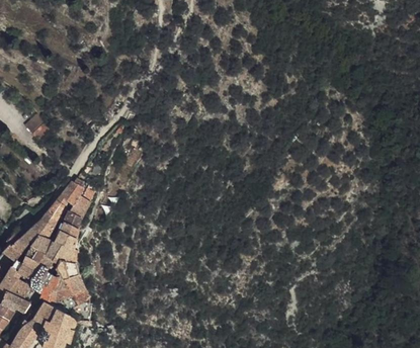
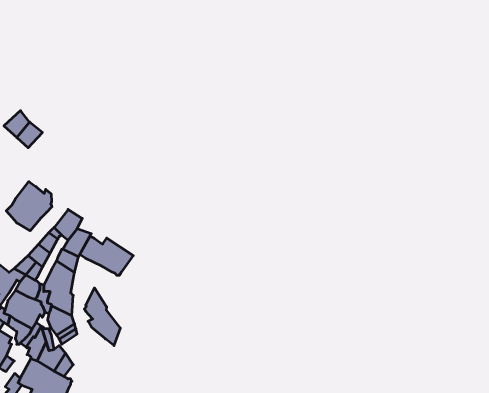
building: none -> [6,182,52,231]
building: none -> [80,236,133,275]
building: none -> [84,288,120,346]

